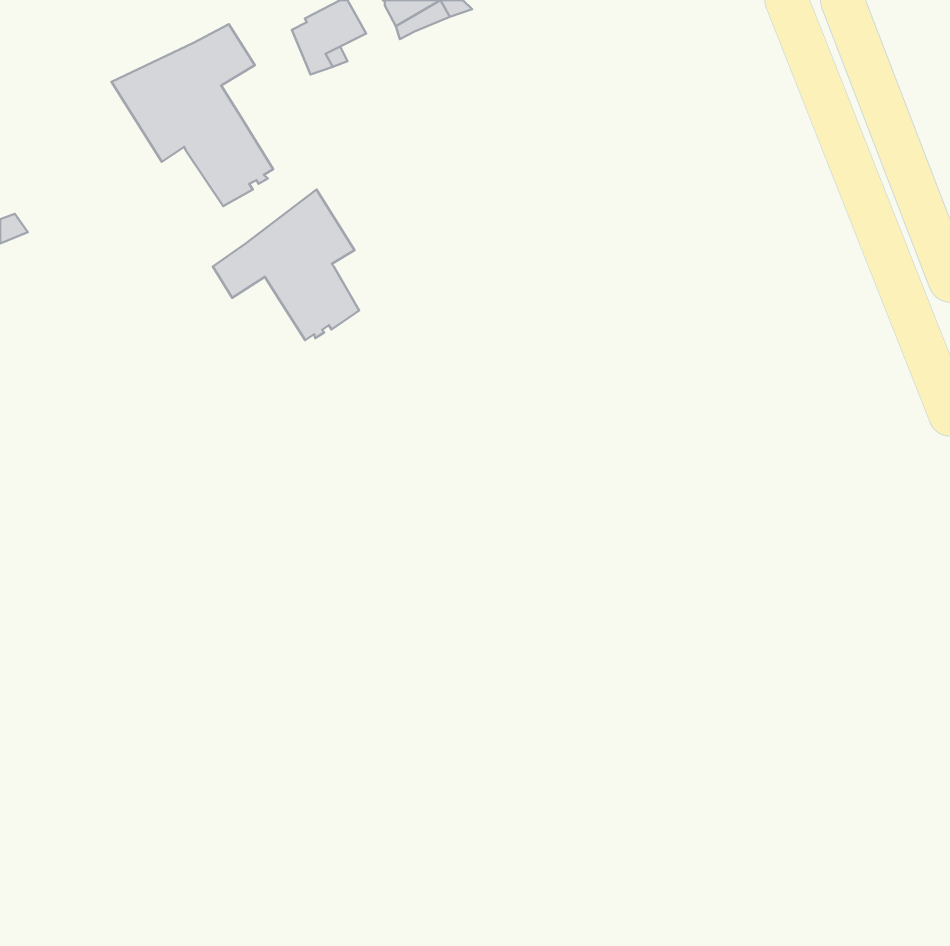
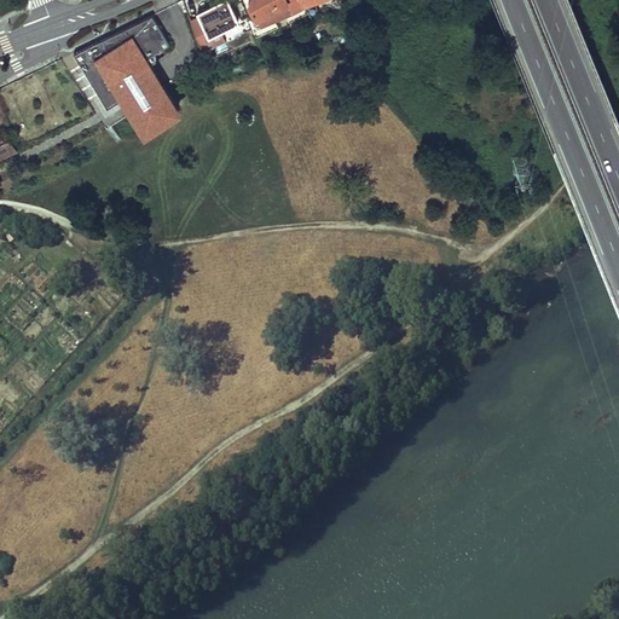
building: [213,190,359,340] -> none

